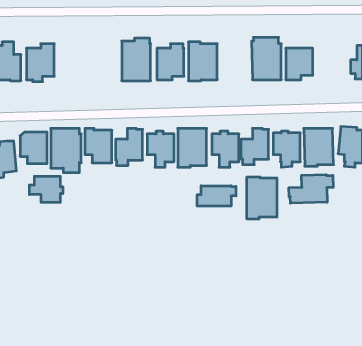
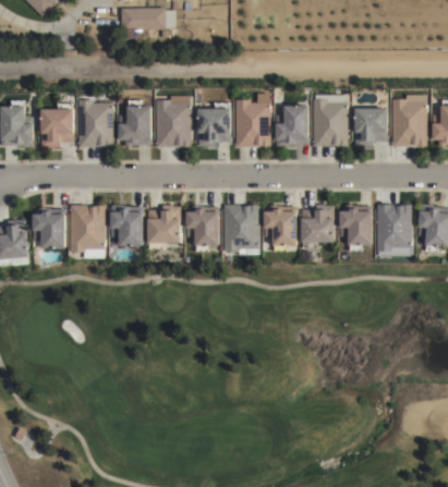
building: none -> [391,94,426,145]
building: none -> [78,98,113,146]
building: none -> [119,99,152,145]
building: none -> [277,104,310,146]
building: [289,175,333,203] -> none
building: [29,176,63,202] -> none
building: [247,177,277,219] -> none
building: [197,186,236,206] -> none

